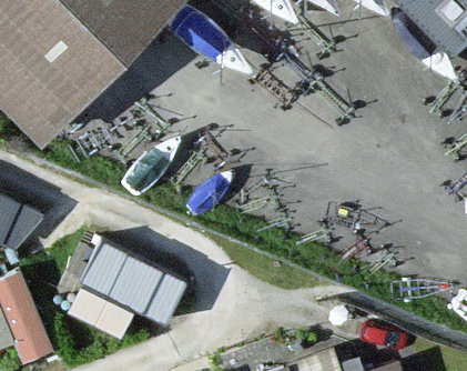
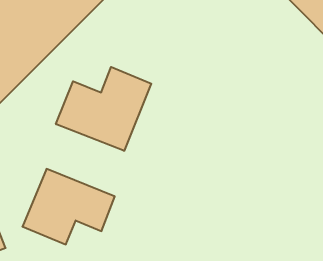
building: none -> [56,67,151,151]

